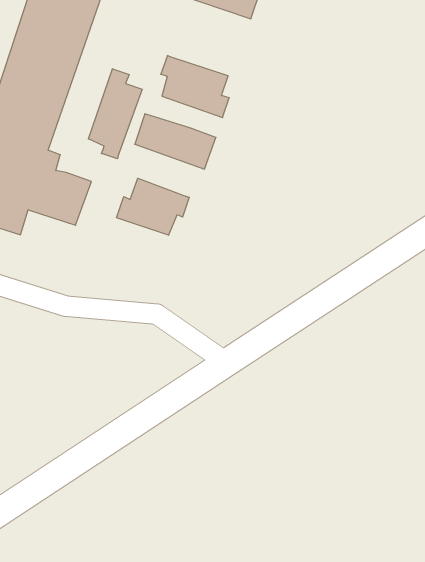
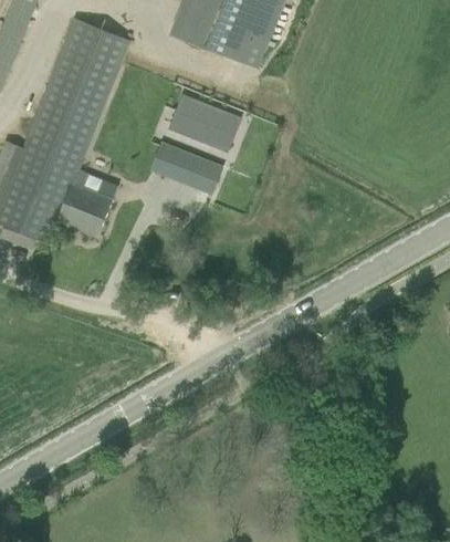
building: [88,69,142,159] -> none
building: [116,178,189,235] -> none

